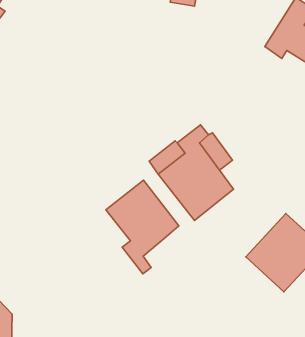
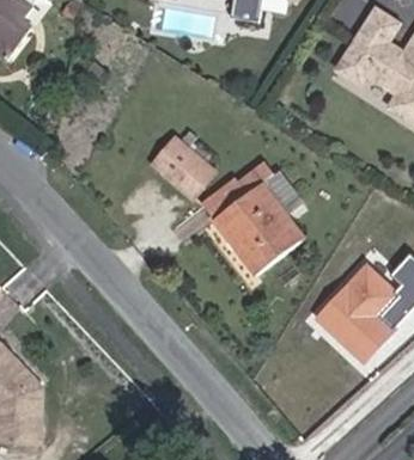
building: none -> [153,137,214,195]
building: [106,180,179,274] -> none

